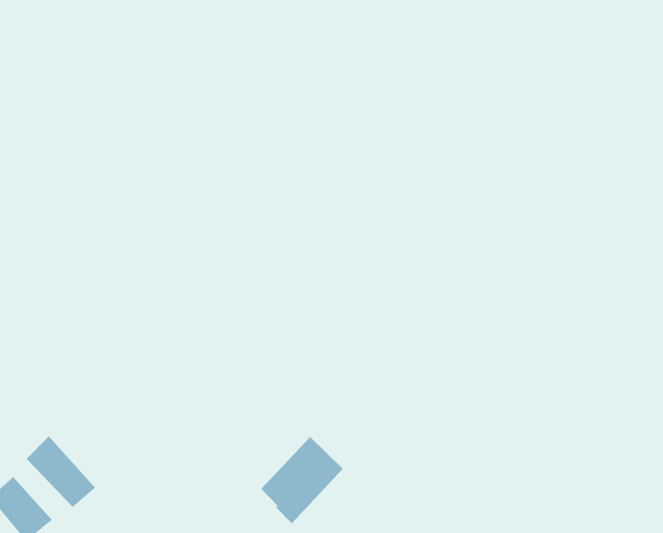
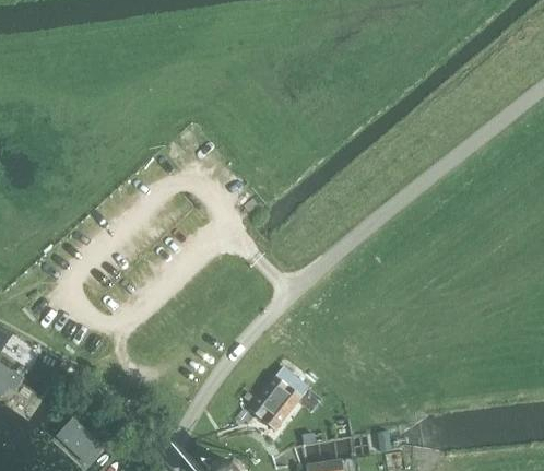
building: [26,435,96,508] -> none

